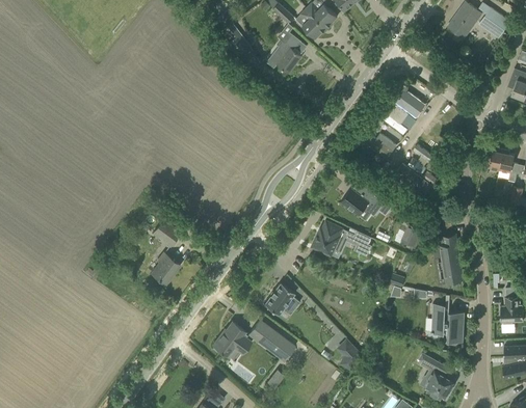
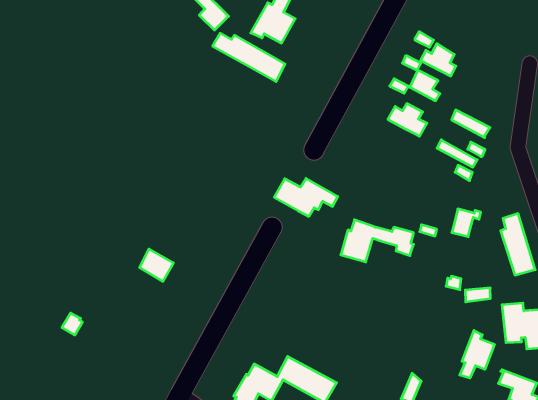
building: none -> [213,33,285,82]
building: [341,188,391,220] -> [274,178,338,216]
building: [152,253,180,283] -> none
building: [263,282,299,316] -> none
building: none -> [460,330,494,378]

